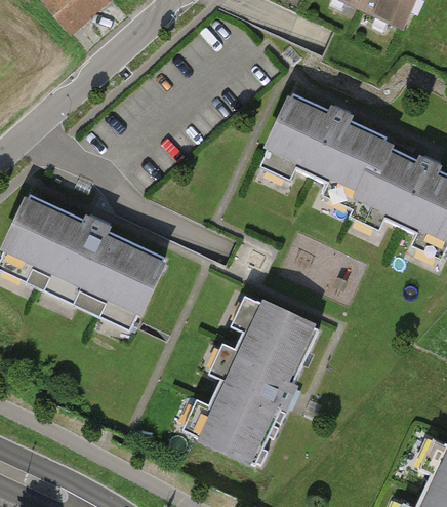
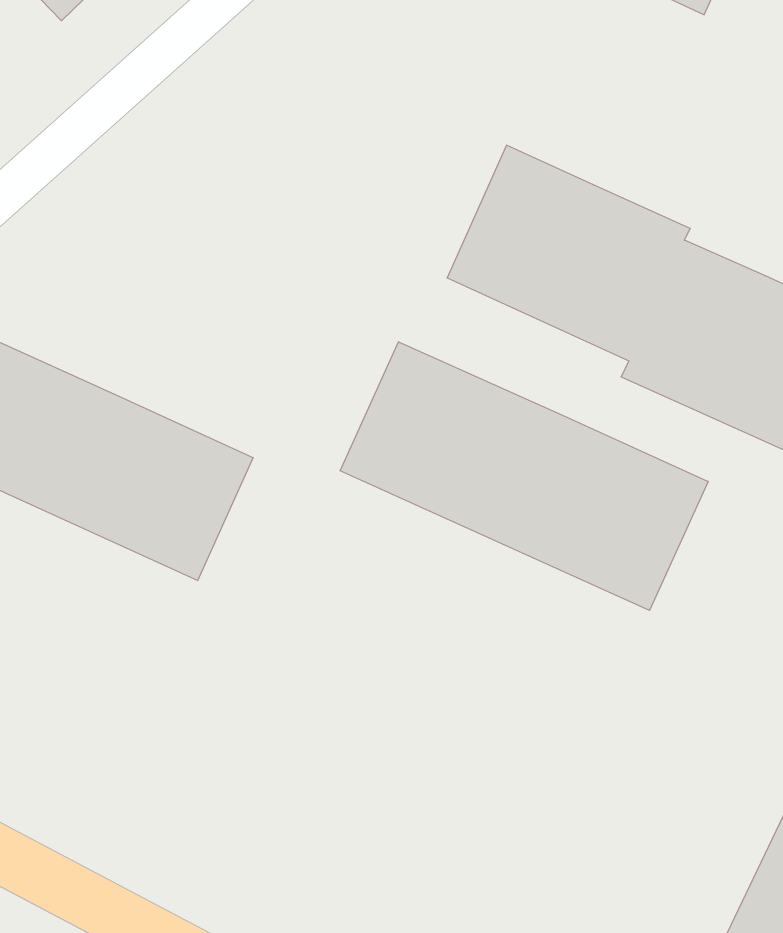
building: none -> [340,342,708,610]
building: [191,301,321,468] -> none

